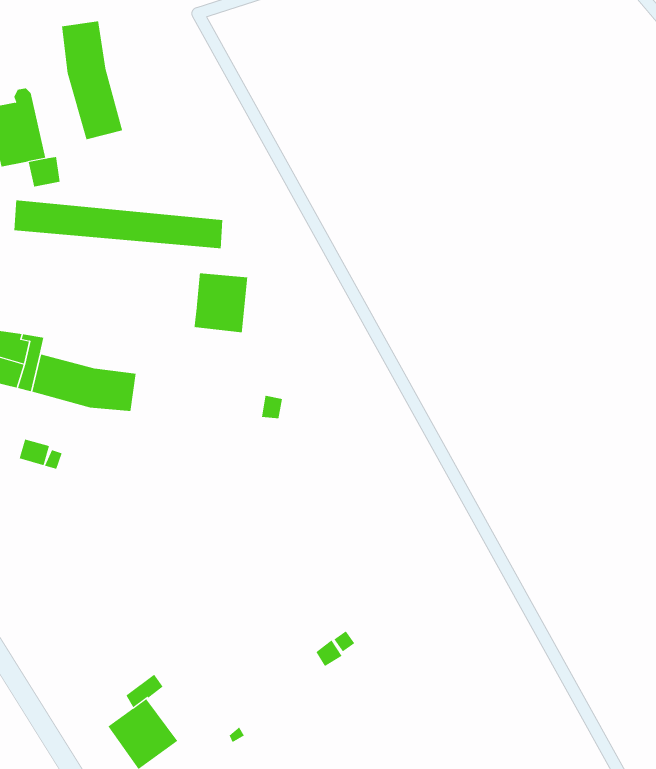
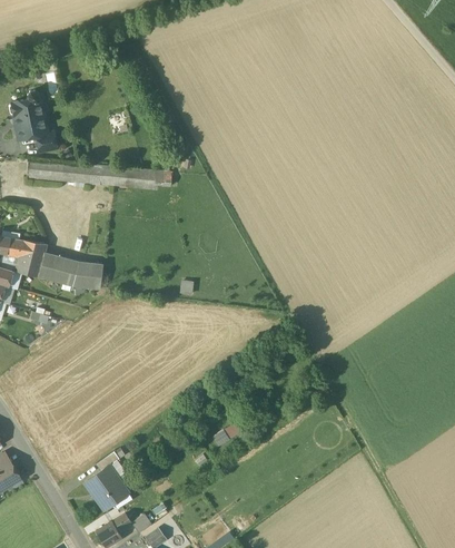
building: [61,21,123,140] -> none
building: [194,273,248,333] -> none

